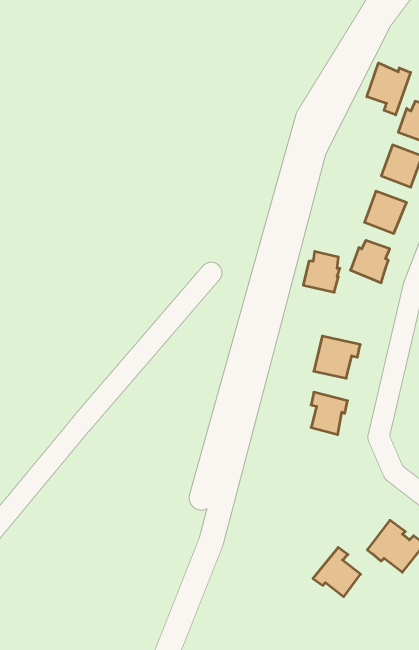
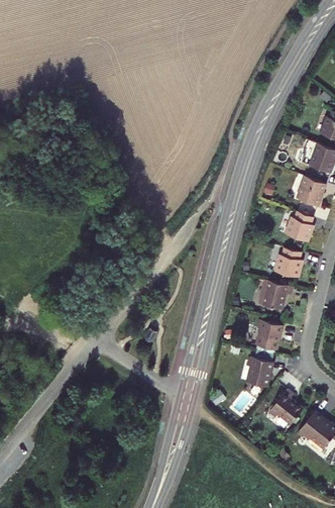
building: [367,63,411,115] -> none
building: [303,251,340,292] -> [277,248,304,278]
building: none -> [248,358,273,388]
building: [313,547,361,597] -> [267,390,302,425]

